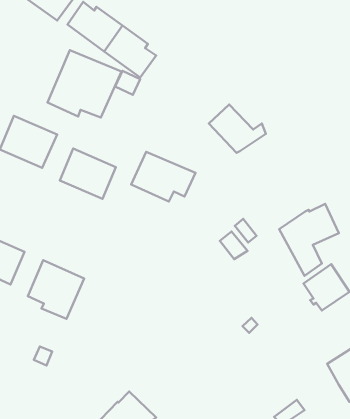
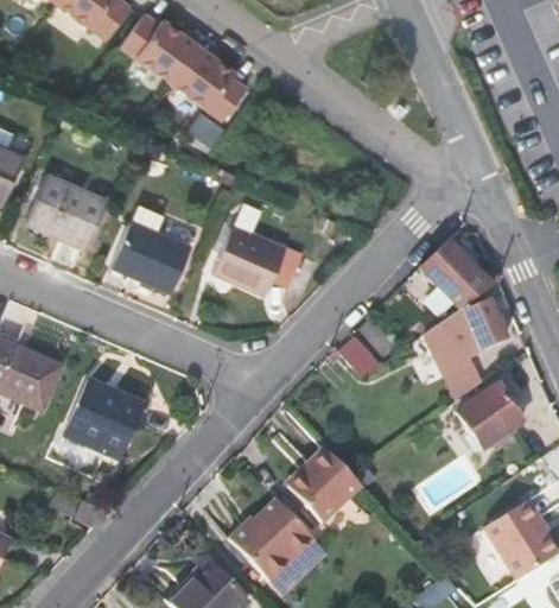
building: [48,50,121,118] -> none
building: [209,104,266,153] -> [420,240,501,309]
building: none -> [288,446,362,522]
building: none -> [229,499,315,581]

